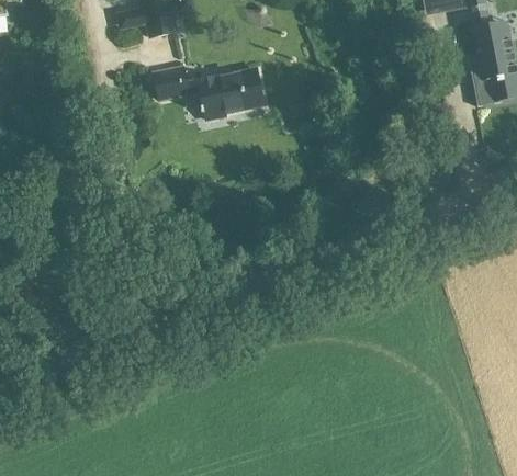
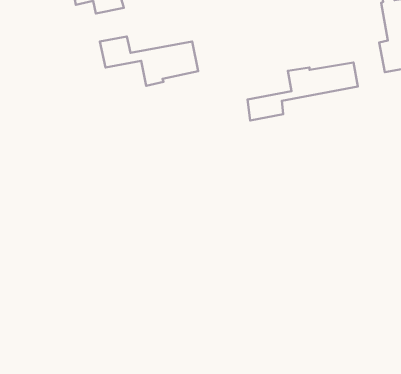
building: none -> [247,62,358,121]

